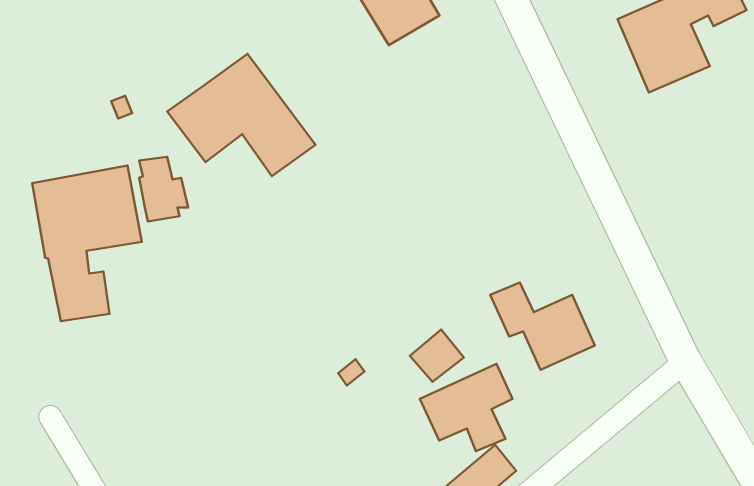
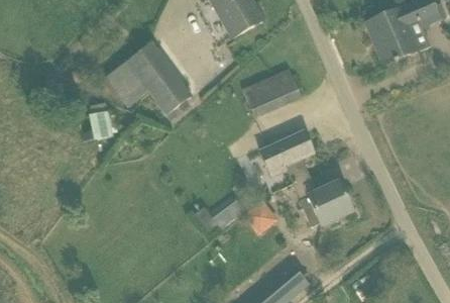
building: none -> [243,68,302,115]
building: [32,165,142,321] -> none
building: [420,364,512,451] -> [260,130,314,181]

